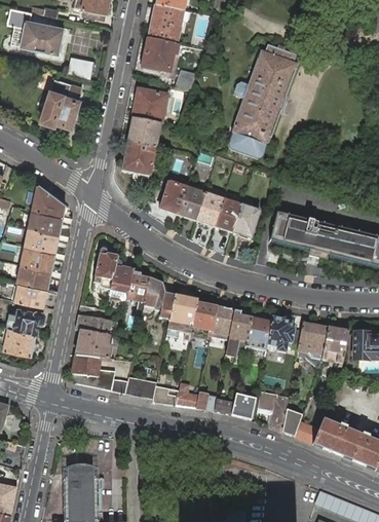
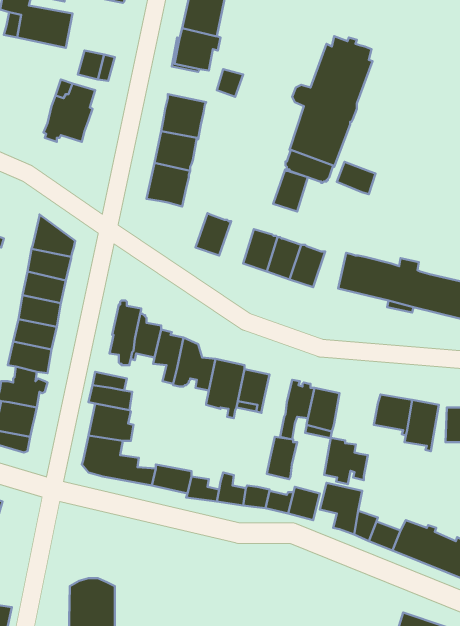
building: none -> [337,162,375,194]
building: [178,187,204,220] -> [273,169,308,212]
building: [211,306,234,339] -> [267,437,297,479]
building: [267,315,301,351] -> [324,438,368,484]

